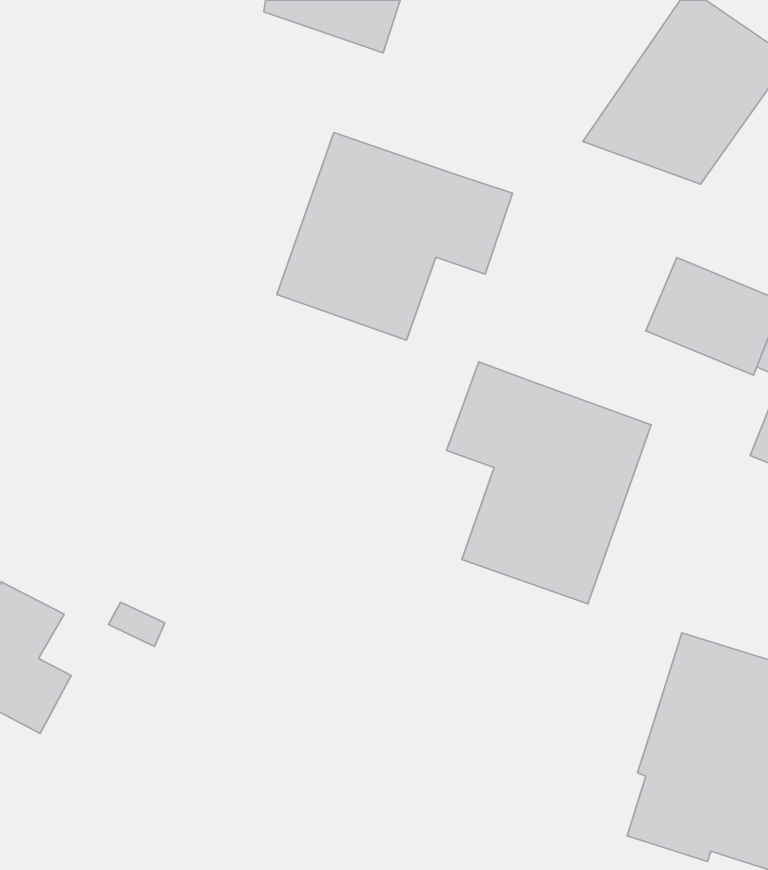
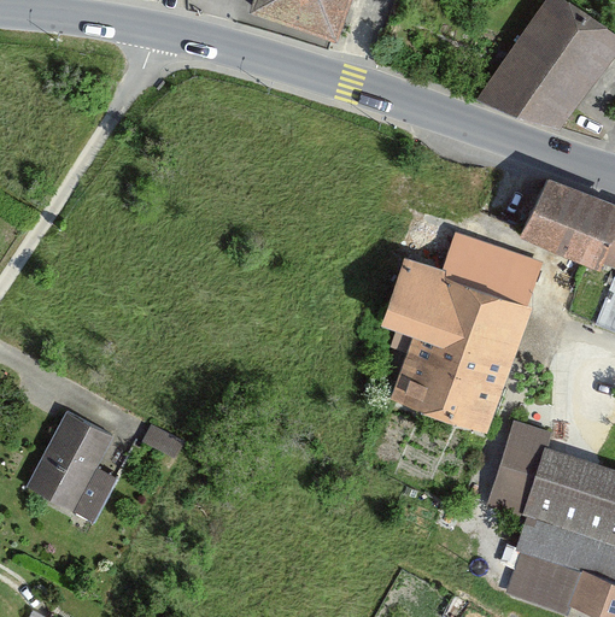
building: [277,133,513,340] -> none
building: none -> [443,231,540,301]
building: none -> [487,422,552,517]

